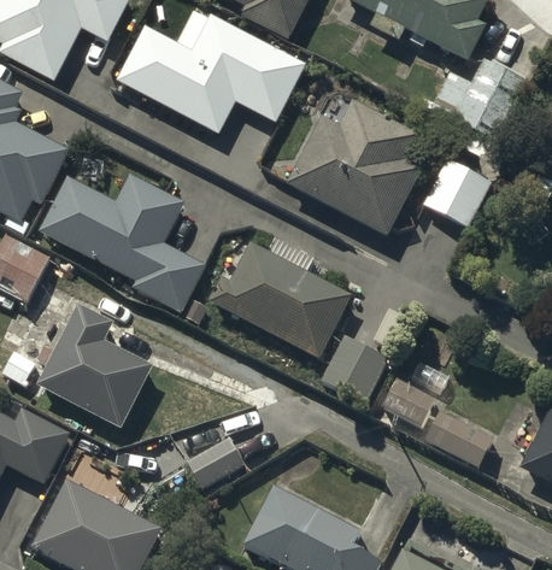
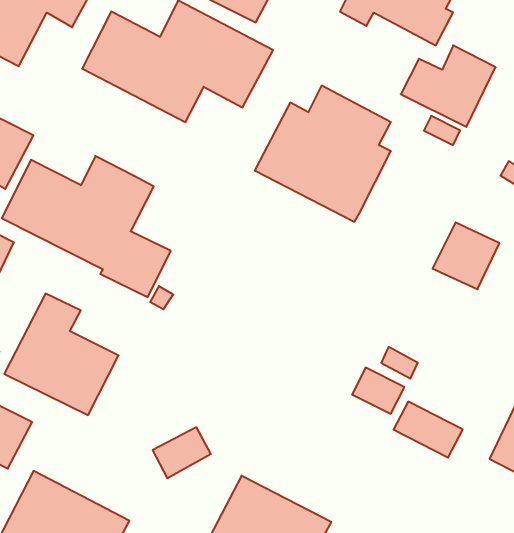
building: [423,159,489,225] -> [433,222,499,289]
building: [211,243,351,357] -> none
building: [321,334,388,401] -> none

